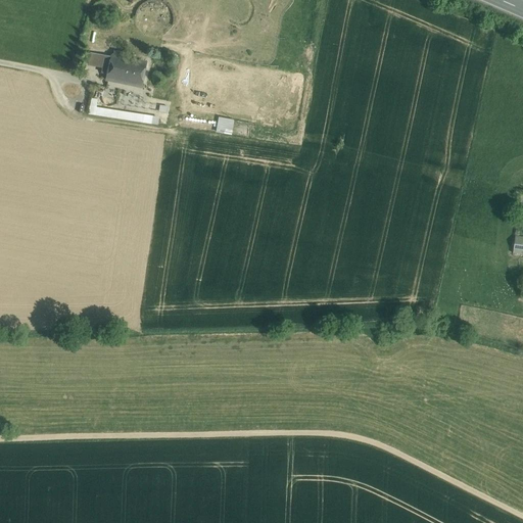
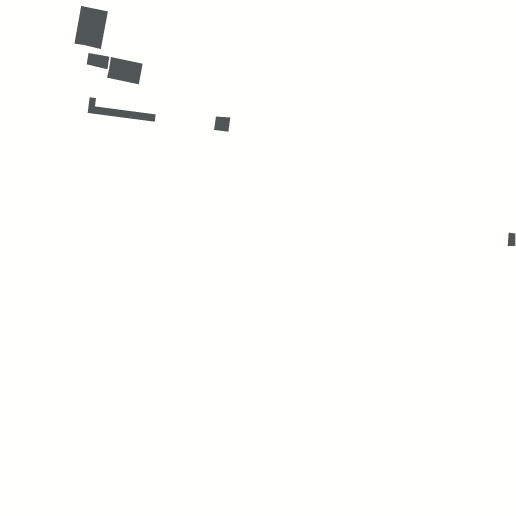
building: none -> [74,5,108,50]

